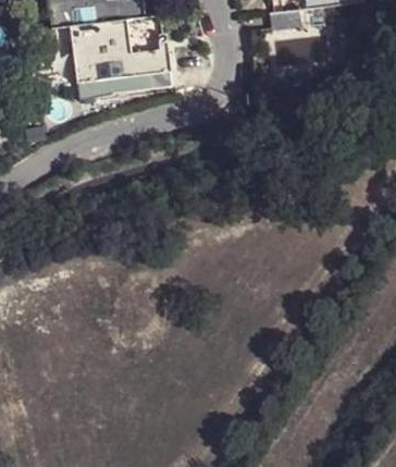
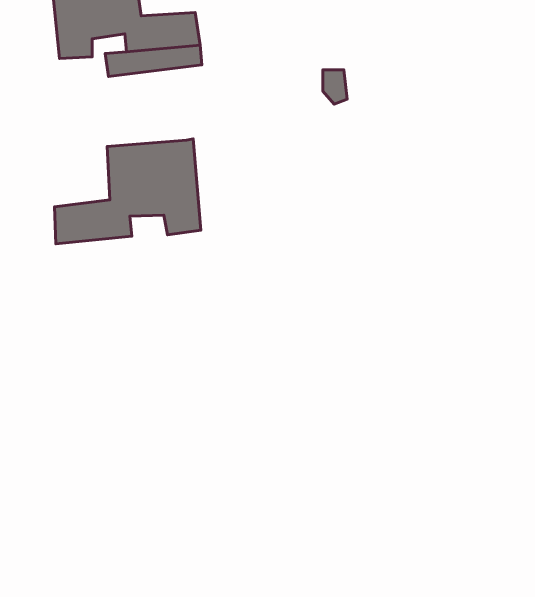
building: none -> [54,139,201,244]

